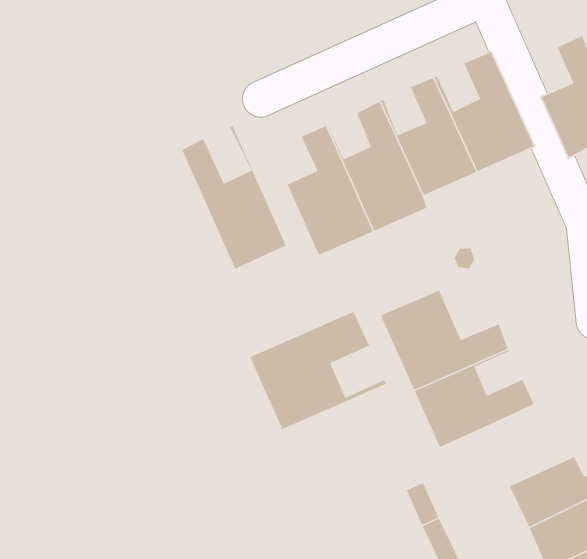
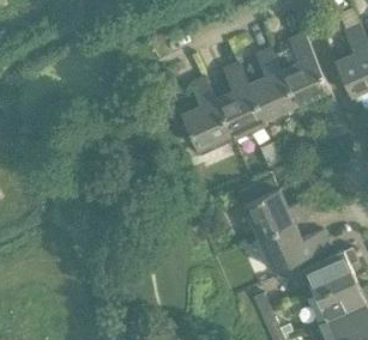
building: [181,126,287,270] -> none
building: [249,311,387,430] -> none
building: none -> [303,247,357,295]

